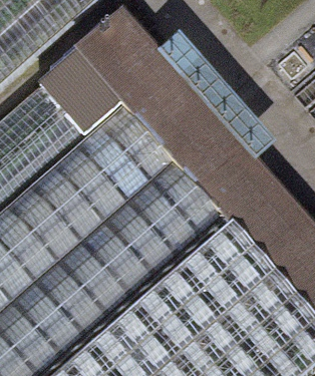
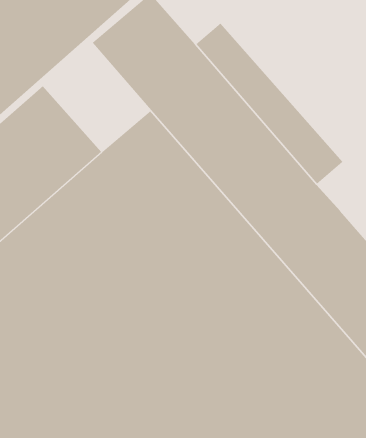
building: [37,49,123,136] -> none

